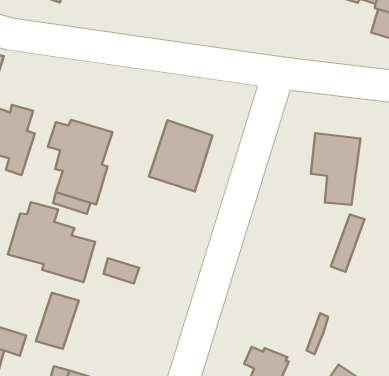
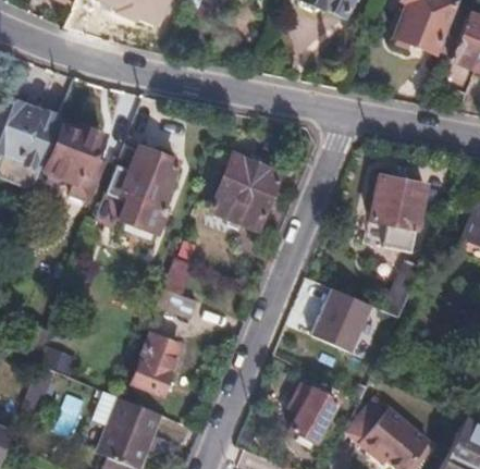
building: [8,202,95,282] -> none
building: none -> [316,288,374,353]
building: [36,293,79,349] -> [135,332,181,388]

